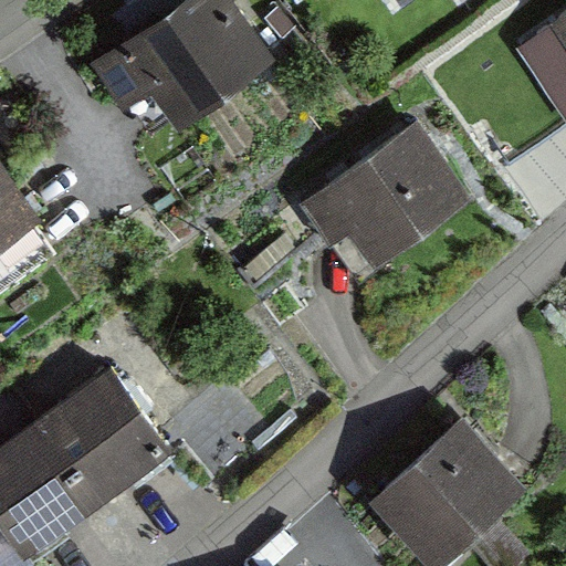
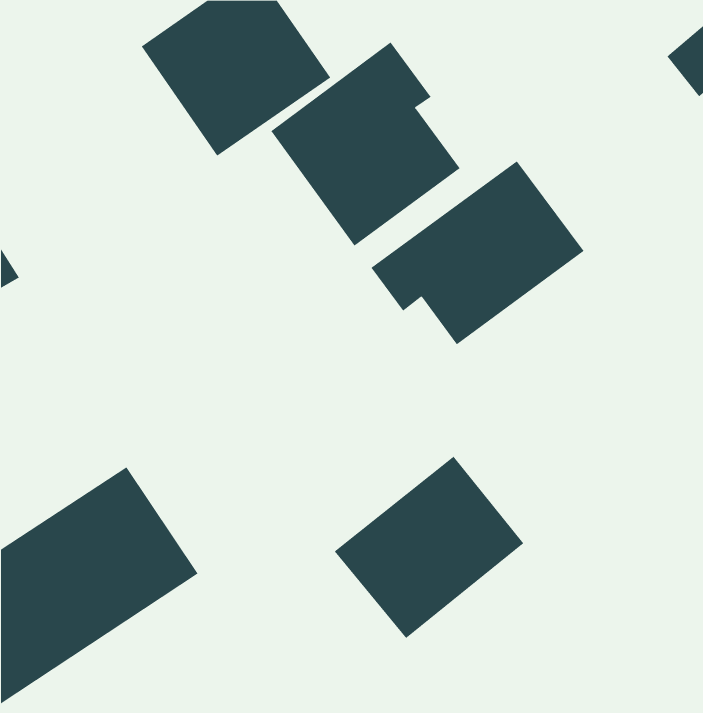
building: none -> [270,41,460,247]
building: [364,416,513,559] -> [334,456,524,639]

